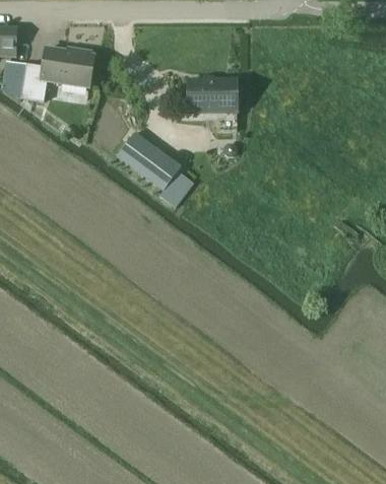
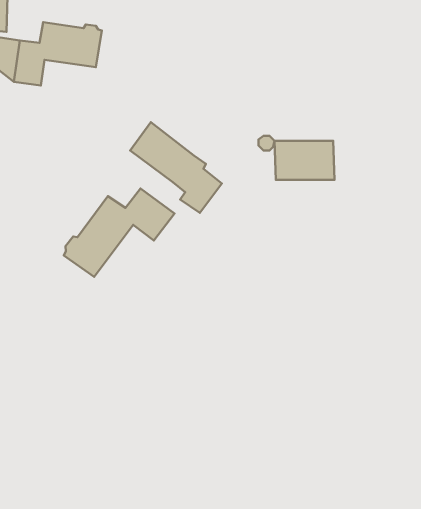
building: [188,78,238,111] -> [275,141,335,180]
building: none -> [64,189,174,277]

